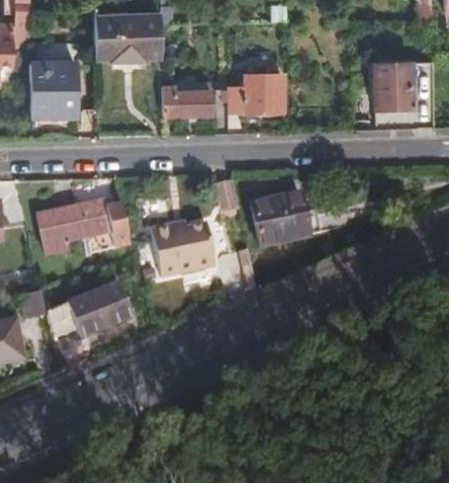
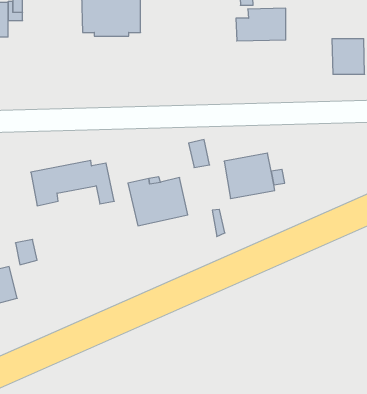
building: [30,62,76,115] -> none
building: [162,64,213,114] -> none
building: [228,75,283,111] -> [236,8,286,41]
building: [67,283,132,336] -> none

